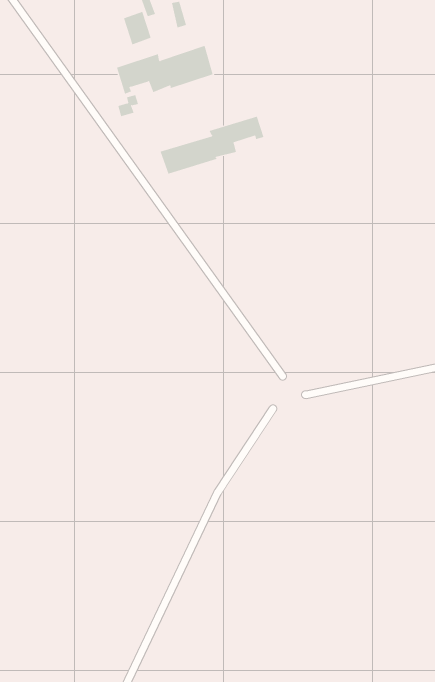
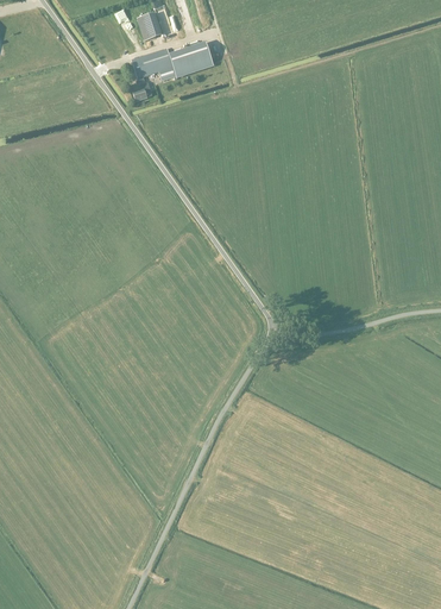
building: [160,116,264,175] -> none

